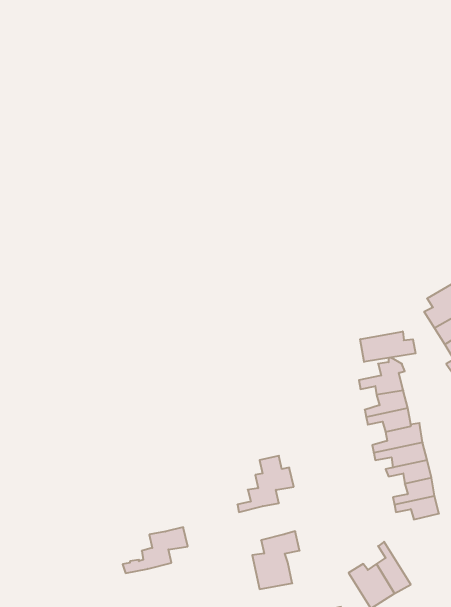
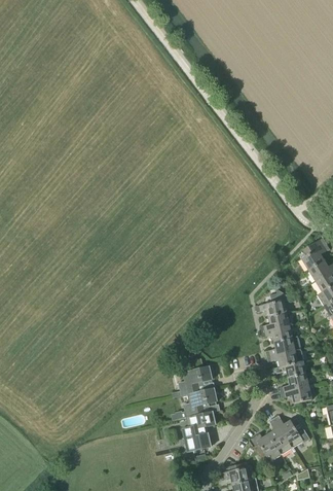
building: [360,331,416,362] -> none
building: [123,527,188,573] -> [172,389,217,421]
building: none -> [274,416,310,449]

